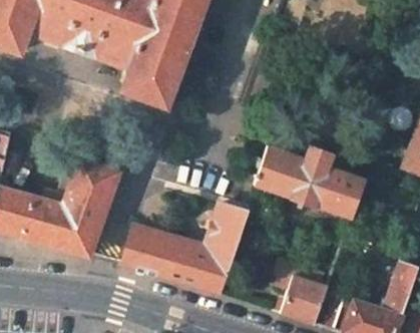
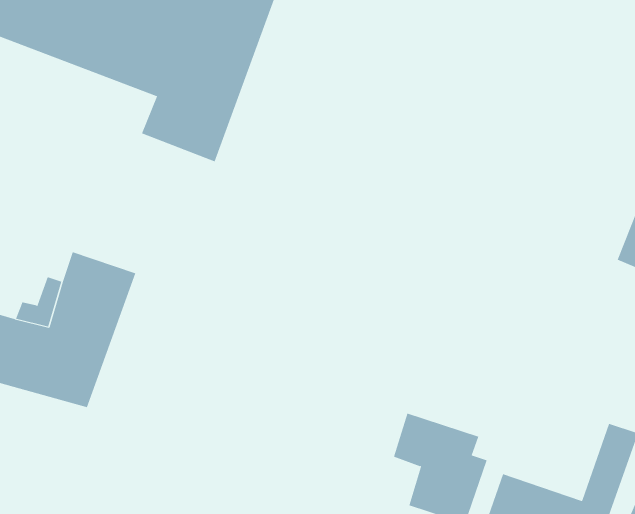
building: [257,144,366,218] -> none
building: [122,204,248,293] -> none

